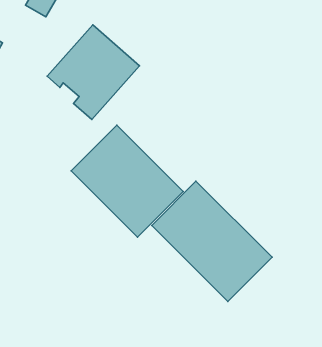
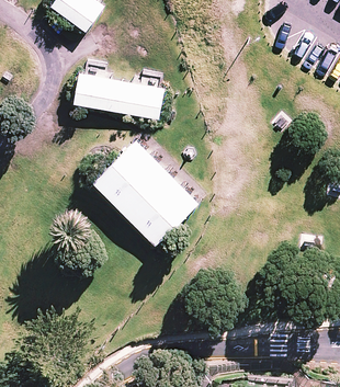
building: [152,181,272,302] -> none

